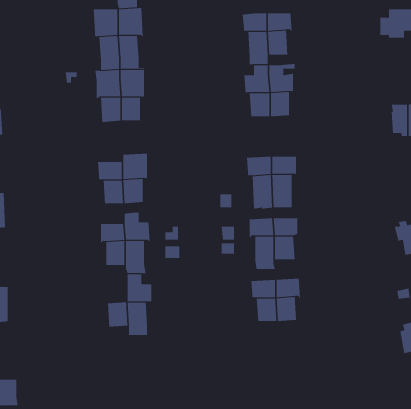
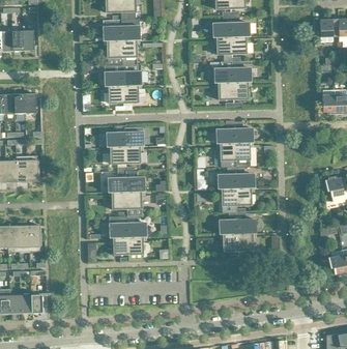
building: none -> [109,215,127,238]

